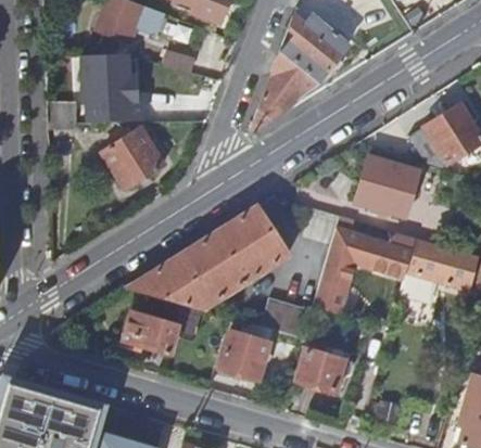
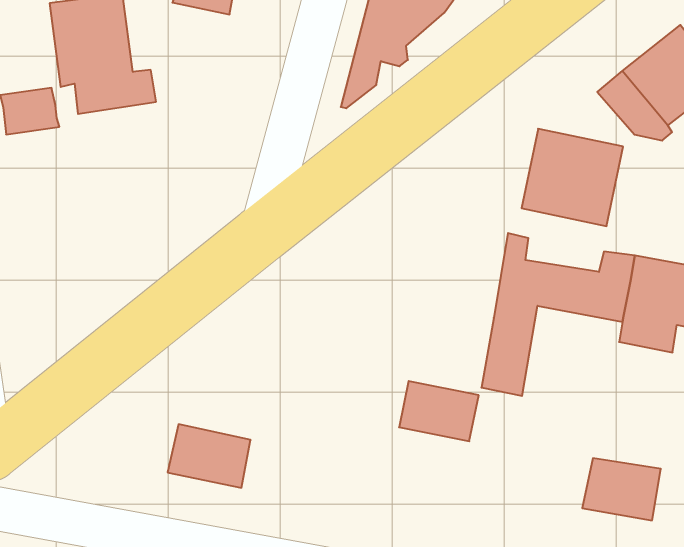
building: [99,127,163,189] -> none
building: [129,208,283,308] -> none
building: [219,330,268,379] -> none
building: [300,351,350,393] -> [582,458,661,520]

